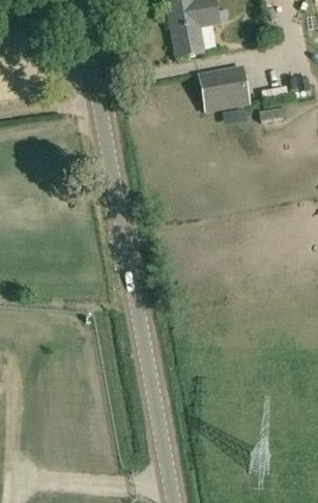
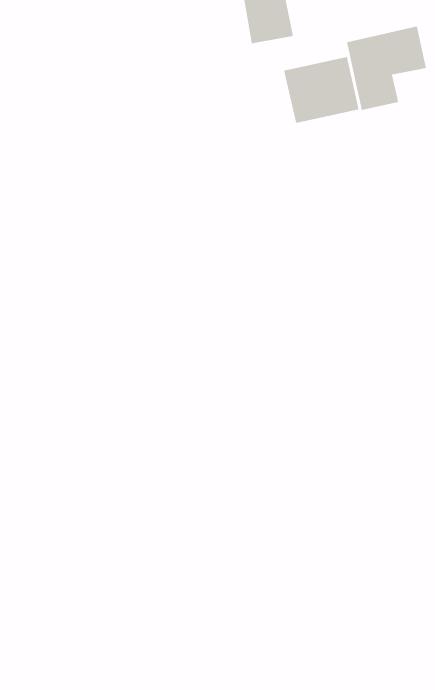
building: none -> [346,26,427,111]

